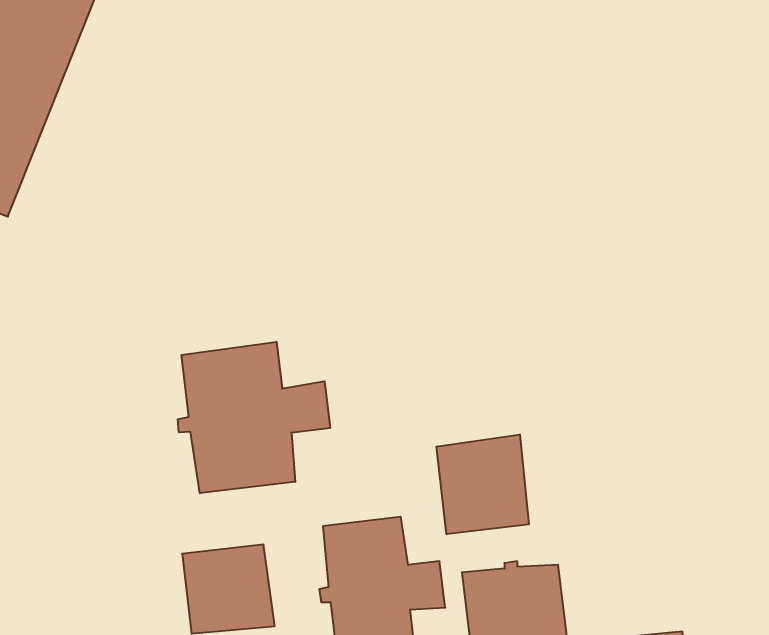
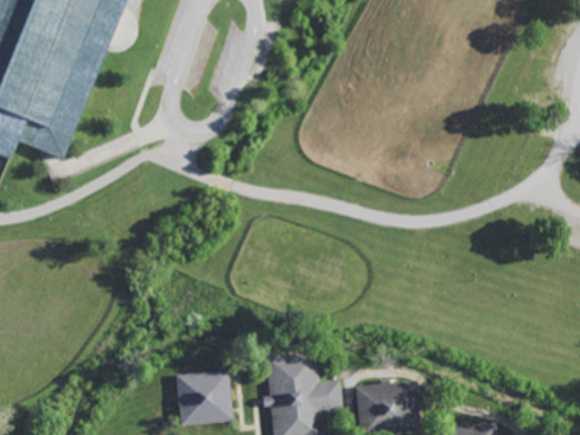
building: [178,342,330,493] -> none
building: [436,434,529,534] -> none

